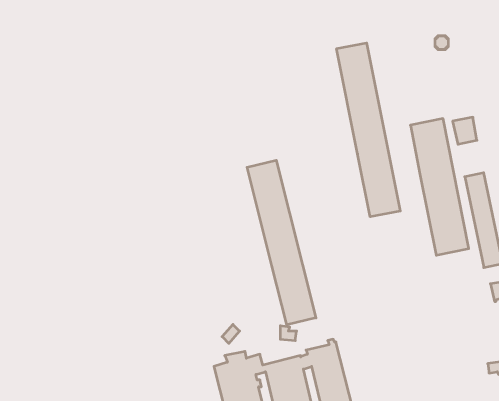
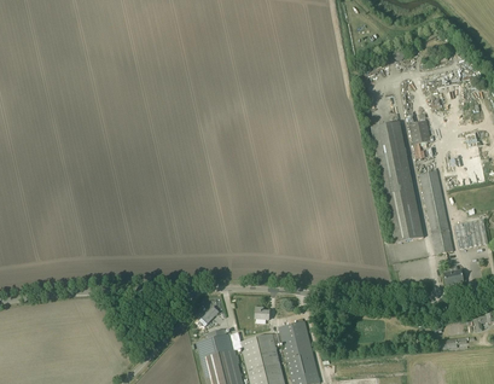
building: [337,43,400,217] -> none
building: [247,160,316,325] -> none

